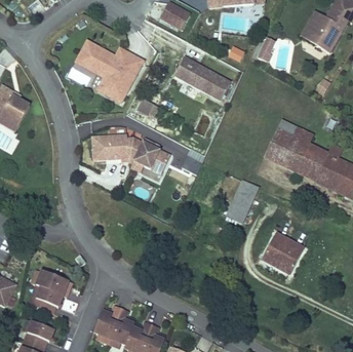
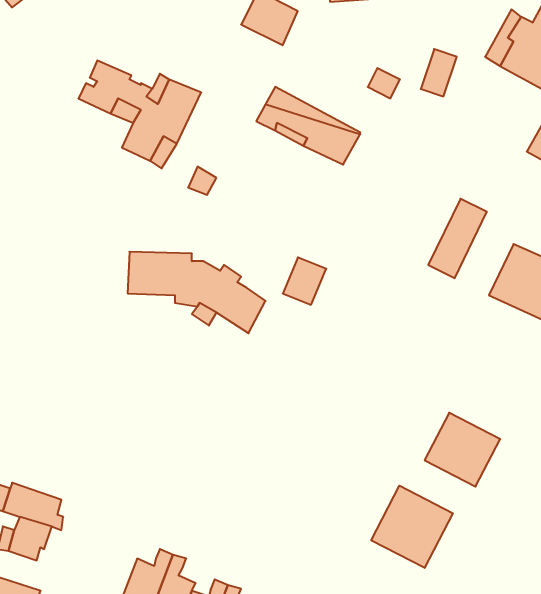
building: [276,122,312,167] -> none
building: [225,179,254,219] -> none
building: none -> [371,486,453,568]

